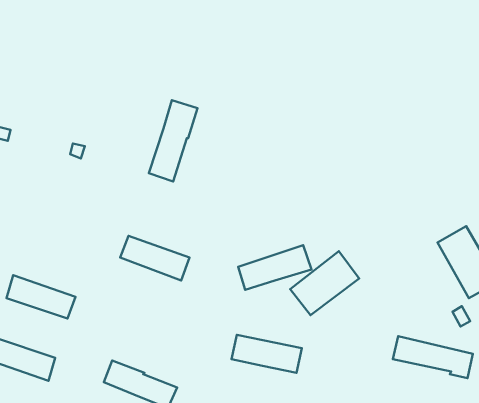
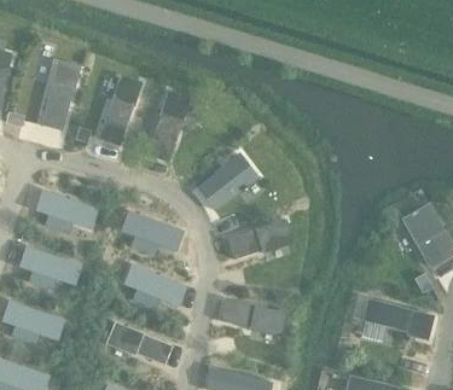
building: none -> [40,62,77,132]
building: none -> [97,75,141,146]
building: none -> [35,191,97,229]
building: [290,251,359,315] -> [196,153,257,210]
building: none -> [124,264,185,305]

